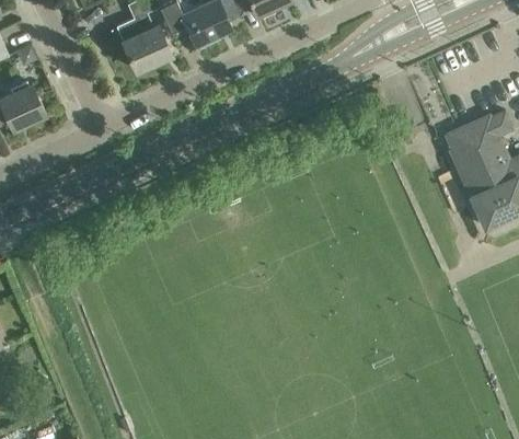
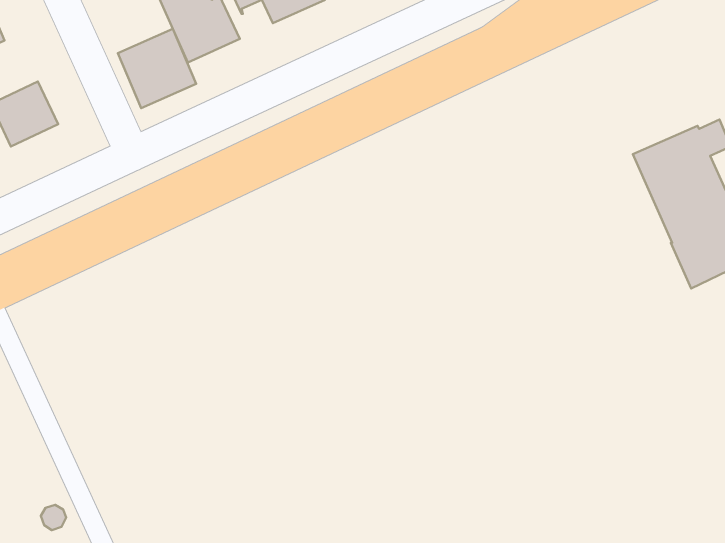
building: none -> [118,29,196,108]

